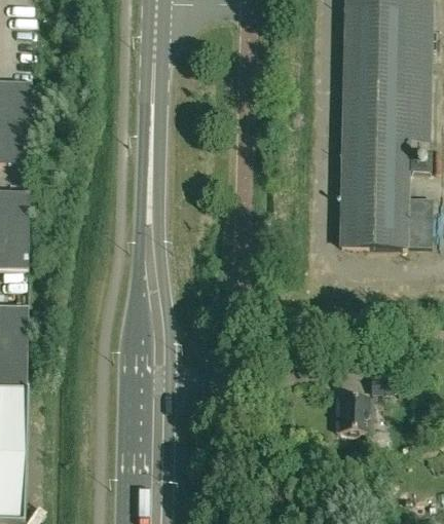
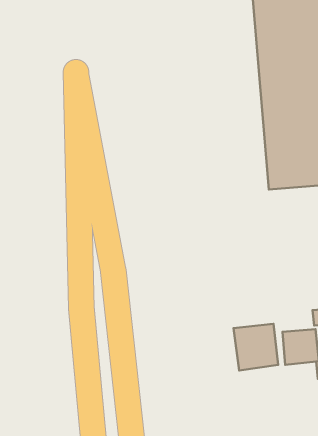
building: none -> [233,324,278,370]

